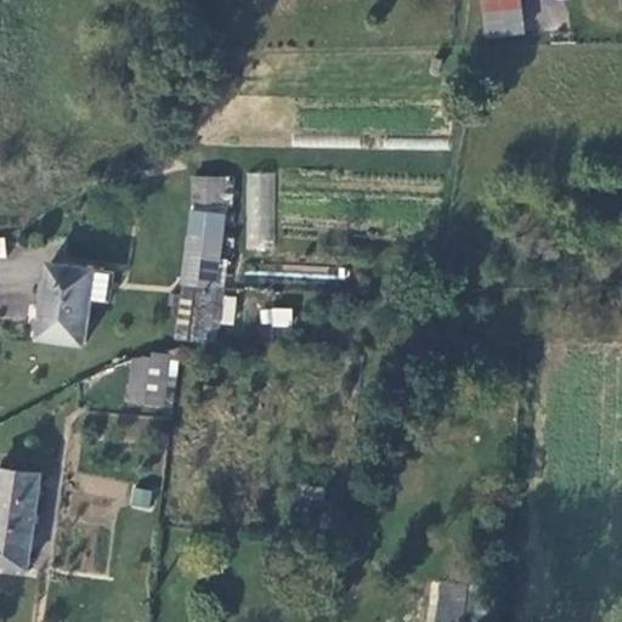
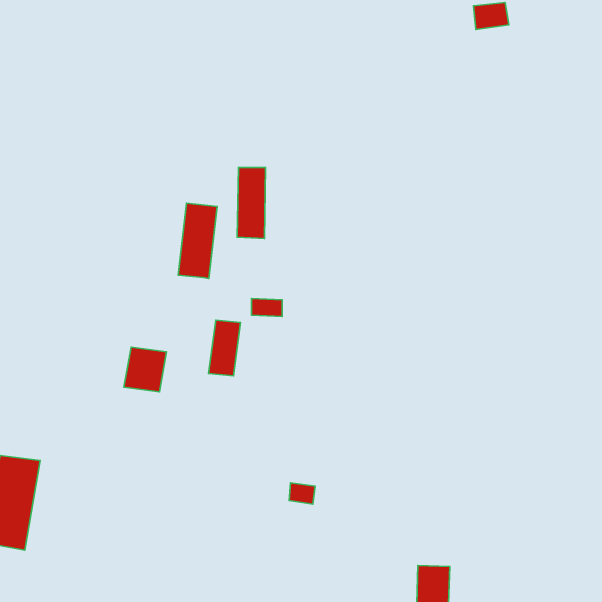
building: [192,169,228,214] -> none
building: [36,264,113,345] -> none
building: [176,284,209,341] -> [209,320,240,376]

